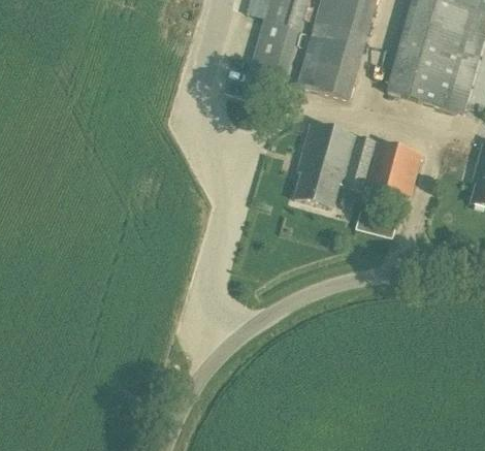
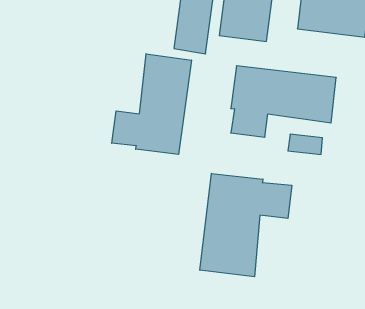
building: none -> [112,54,191,154]
building: none -> [200,173,292,277]

